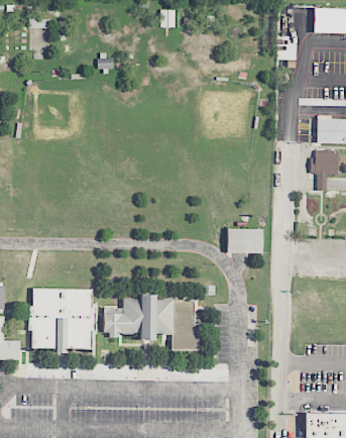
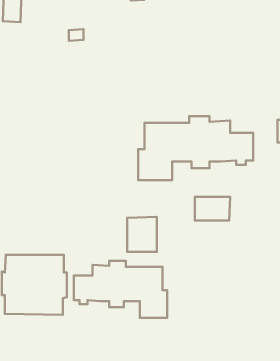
building: none -> [138,116,253,180]
building: none -> [127,217,157,252]

